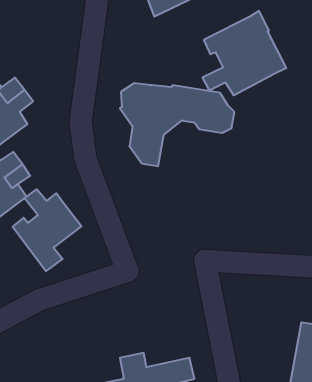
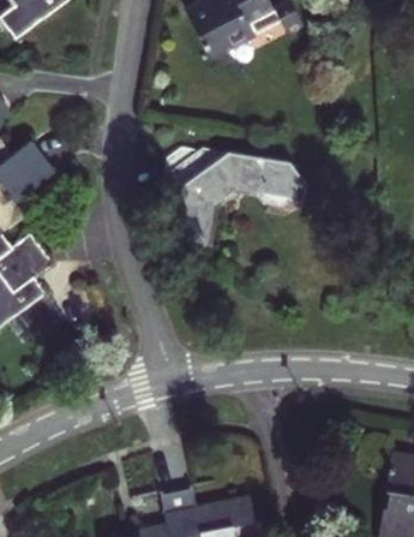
building: [203,11,286,95] -> none
building: [13,189,81,271] -> none

